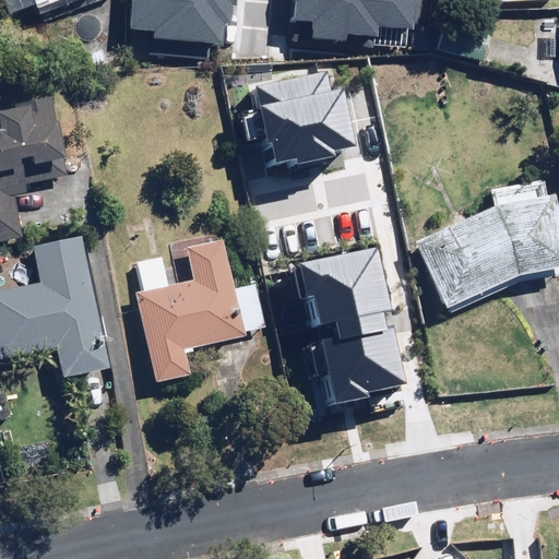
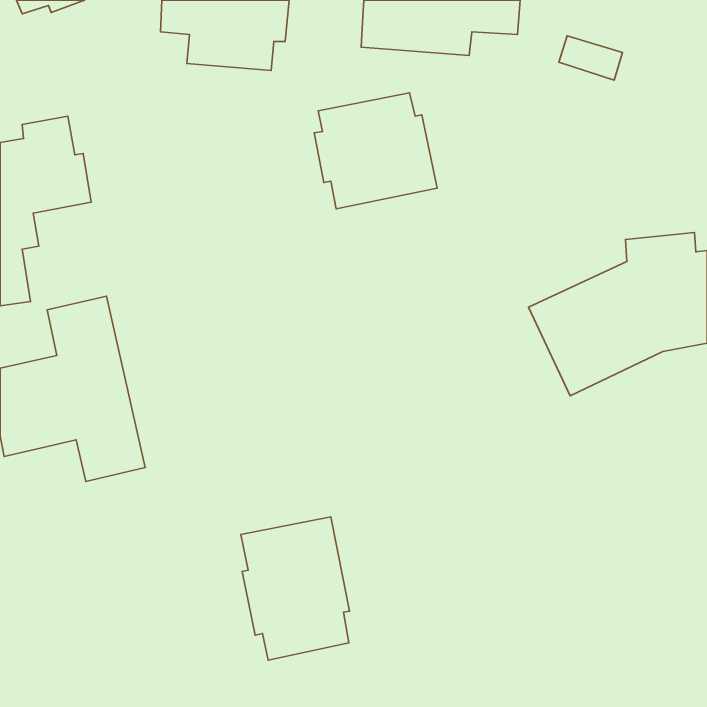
building: [133,240,267,380] -> none
building: [288,249,396,404] -> none
building: none -> [241,517,350,660]

